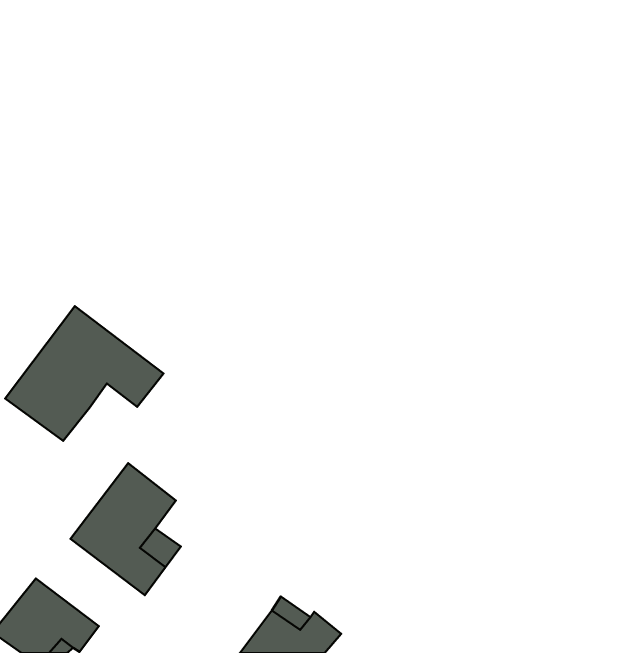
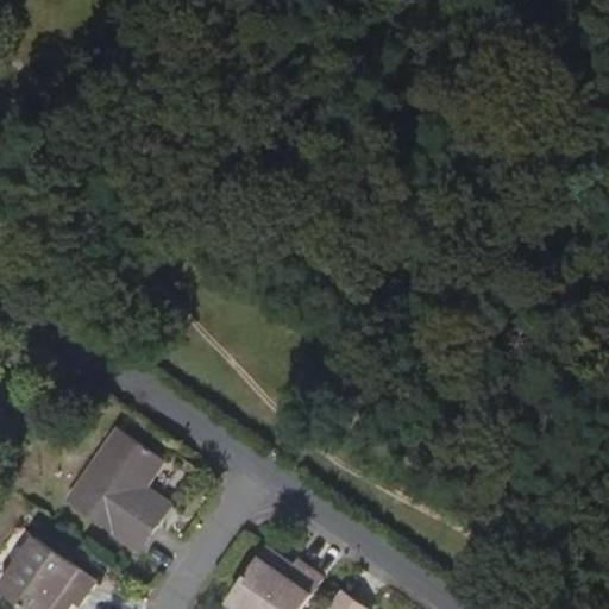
building: [5,306,164,441] -> none

